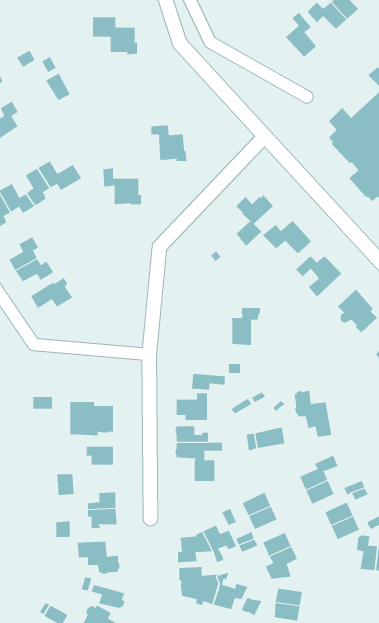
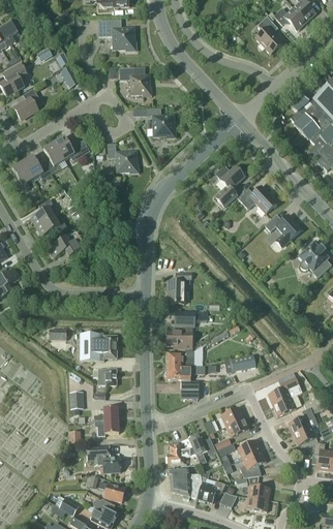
building: none -> [119,67,152,96]
building: [231,307,261,345] -> [168,273,191,304]
building: [294,390,332,437] -> none

